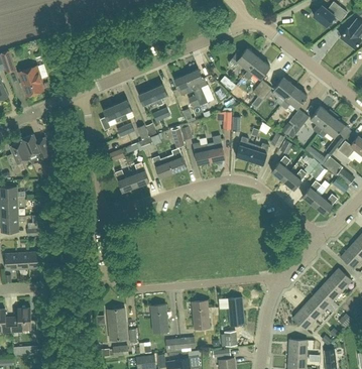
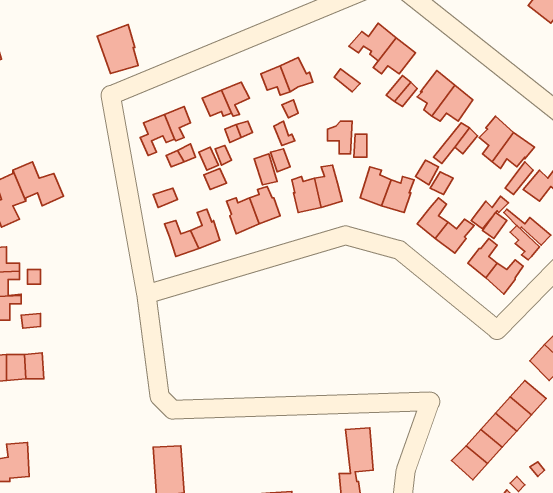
building: [18,66,43,96] -> [97,25,138,74]
building: [193,301,210,330] -> none
building: [151,304,168,333] -> none

